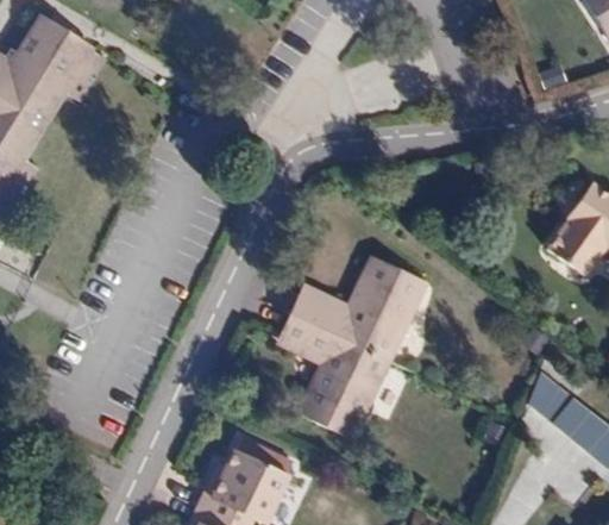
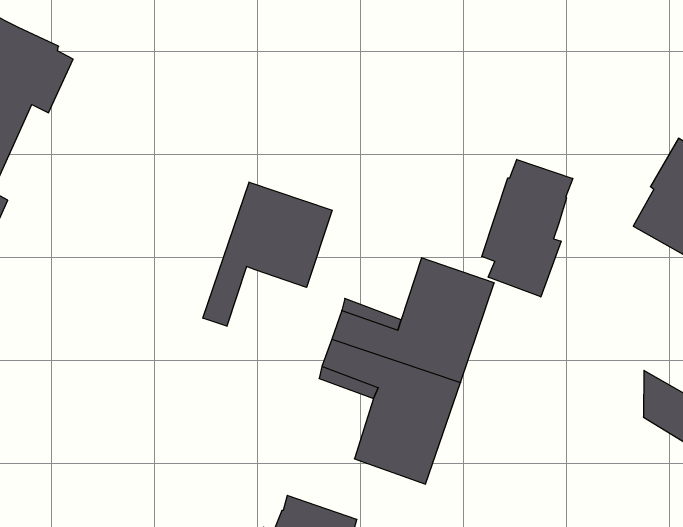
building: none -> [203,182,332,326]
building: none -> [482,159,573,297]

